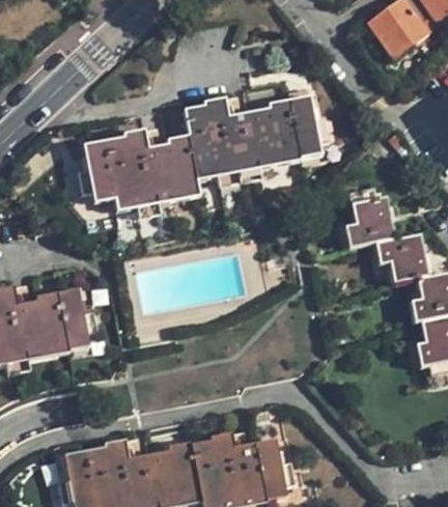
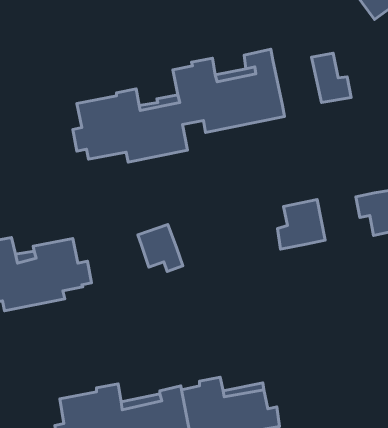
building: [287,96,329,148] -> [311,53,351,103]
building: [344,197,394,249] -> [278,200,325,249]
building: none -> [138,224,183,271]

